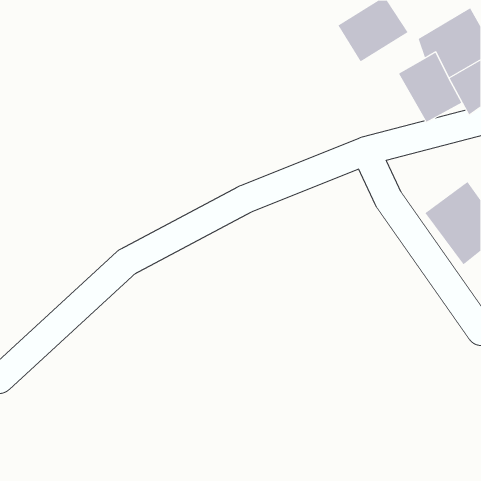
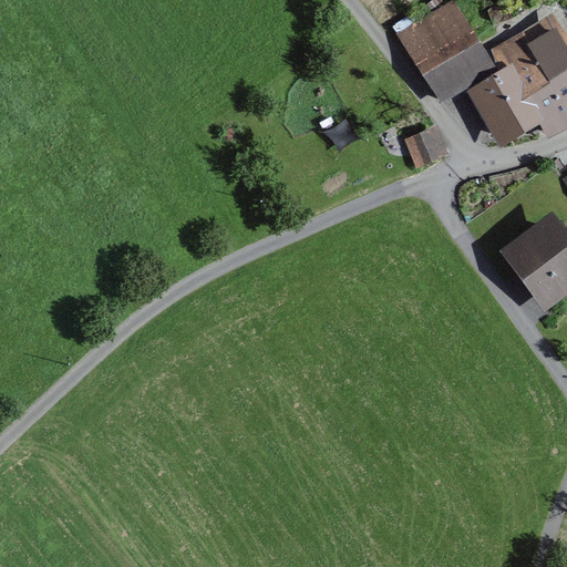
building: none -> [423,39,498,103]
building: none -> [404,124,449,167]

